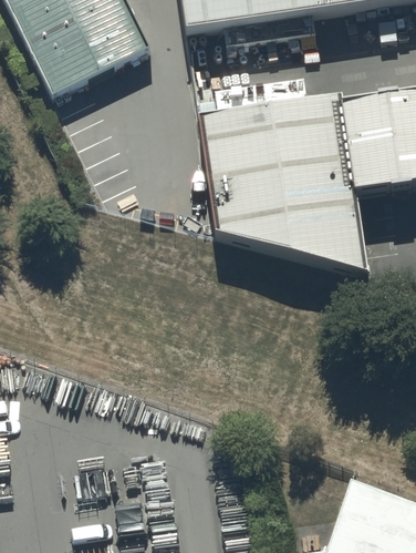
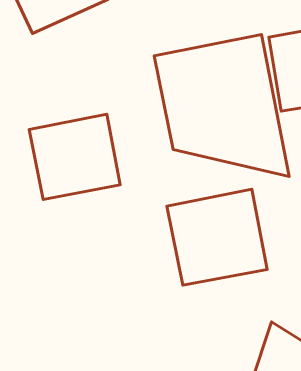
building: none -> [29,114,120,199]
building: none -> [167,189,267,285]

